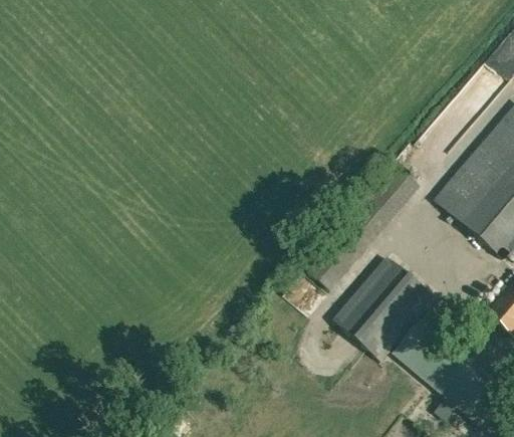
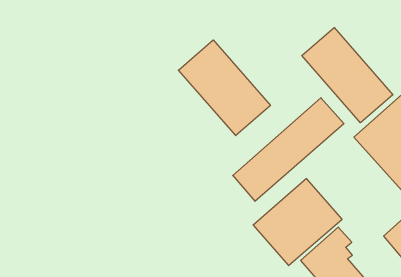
building: none -> [302,28,393,123]
building: none -> [178,40,270,136]

